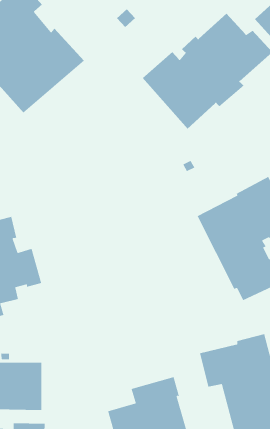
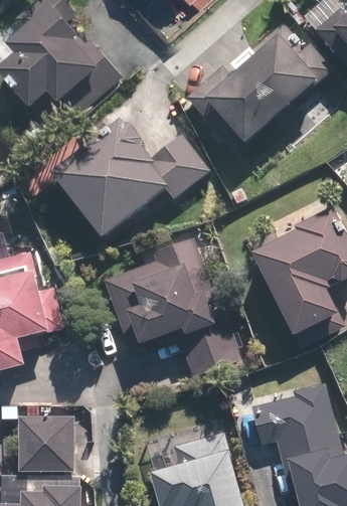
building: none -> [46,118,210,238]
building: none -> [103,238,241,376]

